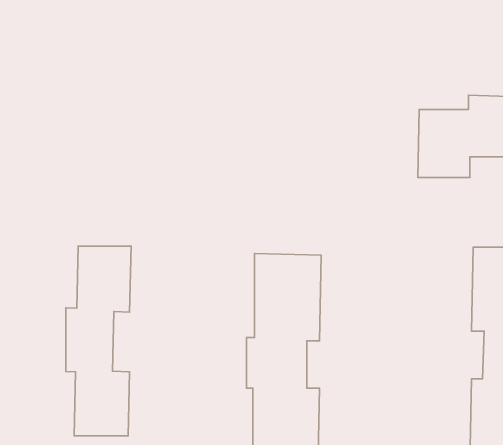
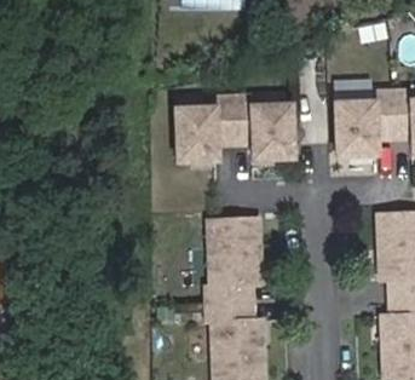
building: none -> [177,97,292,160]
building: [66,246,131,436] -> none

